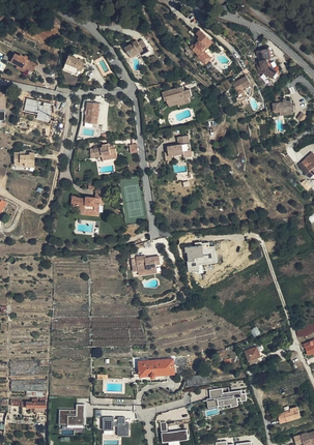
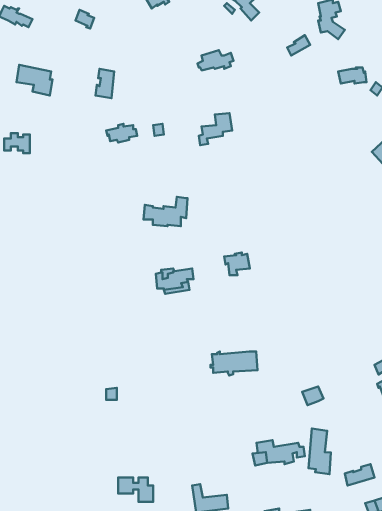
building: [69,189,104,212] -> [143,197,188,226]
building: [137,359,173,378] -> [211,351,257,376]
building: none -> [309,429,331,474]
building: [58,406,84,425] -> none

